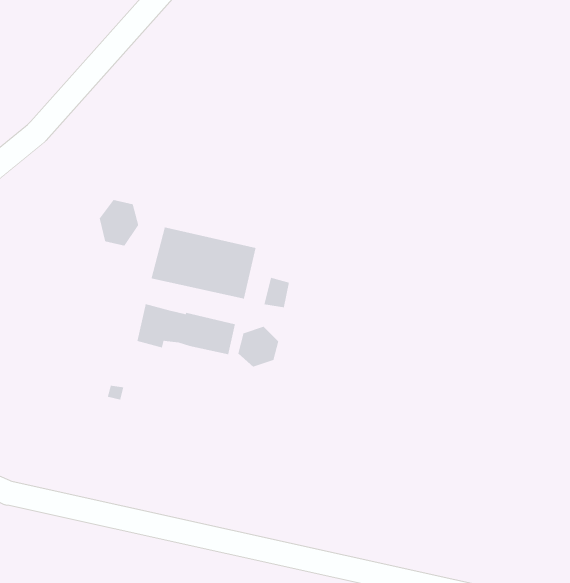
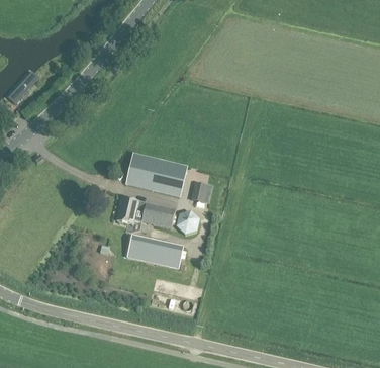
building: [99,199,139,246] -> none
building: none -> [126,236,182,267]

